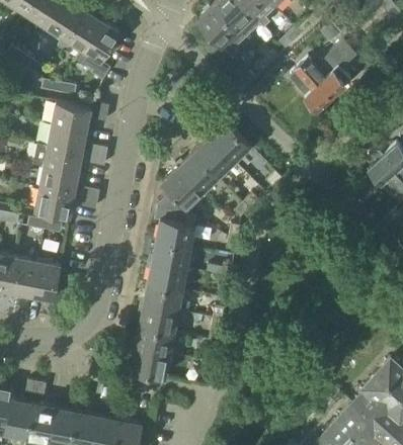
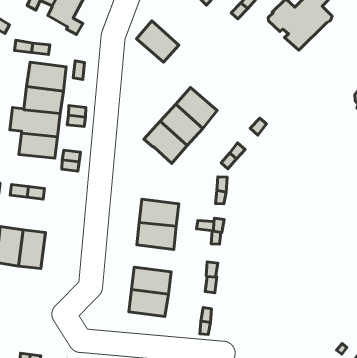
building: [210,120,250,161] -> [136,21,179,62]
building: [34,189,74,217] -> none
building: [154,191,194,248] -> none
building: [143,284,182,313] -> none
building: [131,348,169,377] -> none

